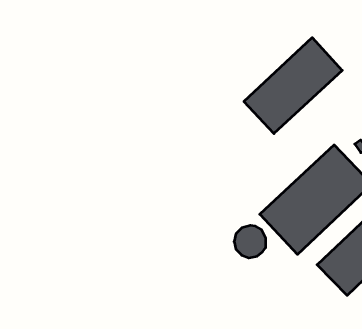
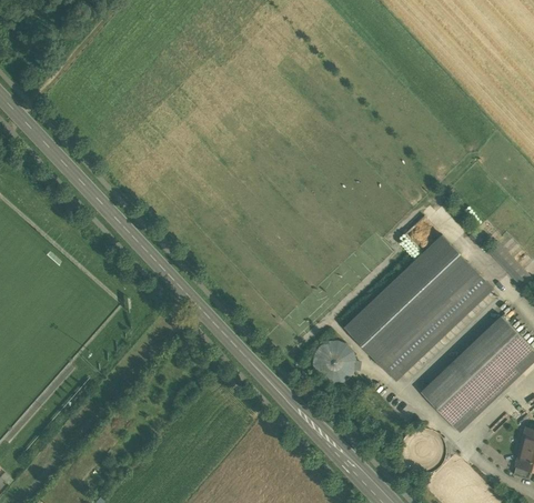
building: [244,38,342,134] -> none

